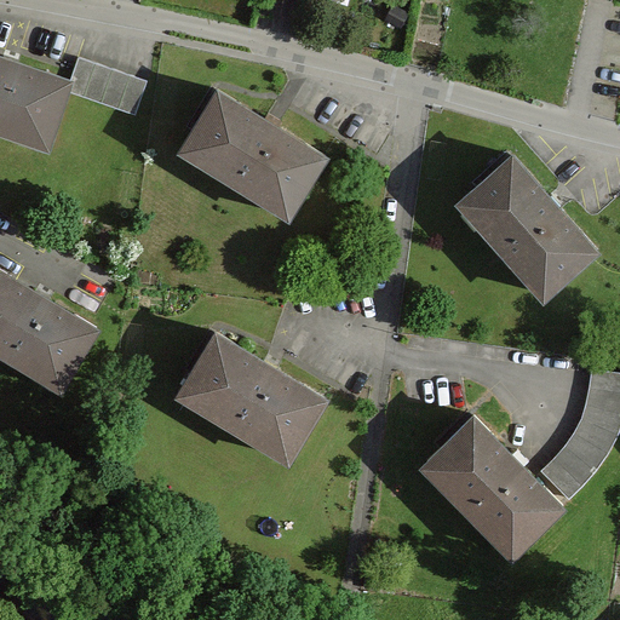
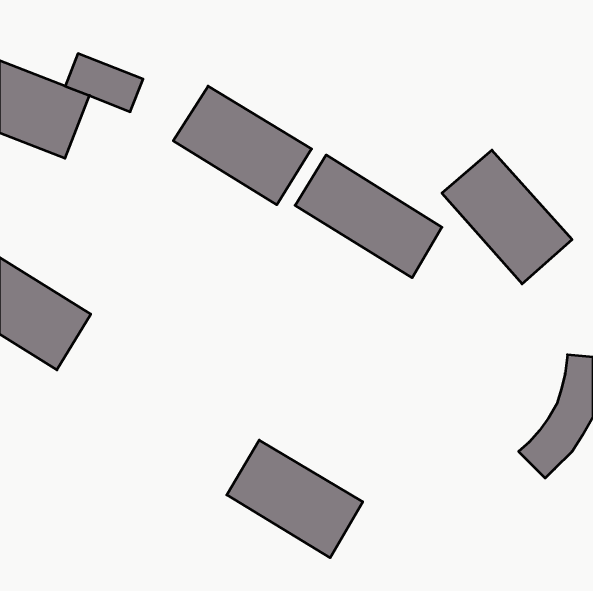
building: none -> [295,155,442,278]
building: [180,335,322,458] -> [227,440,363,558]
building: [418,414,558,557] -> none

